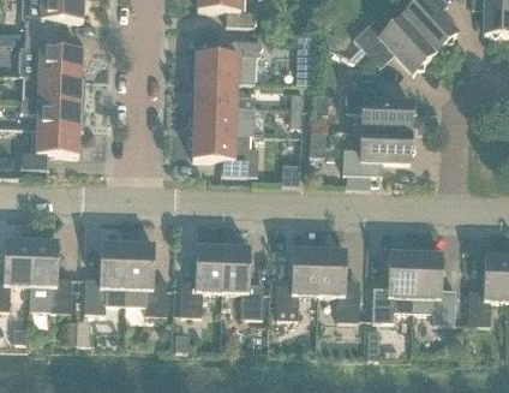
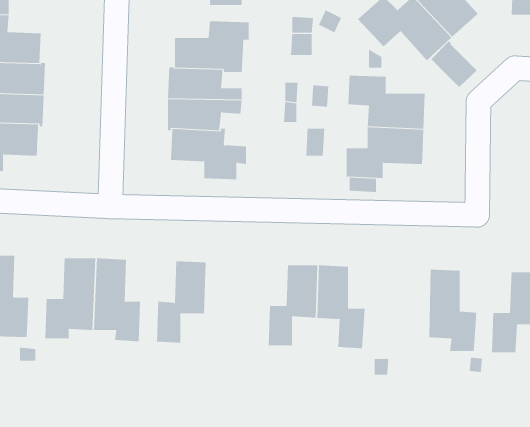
building: none -> [431,40,477,88]
building: [221,246,263,317] -> none
building: [371,251,414,322] -> none

